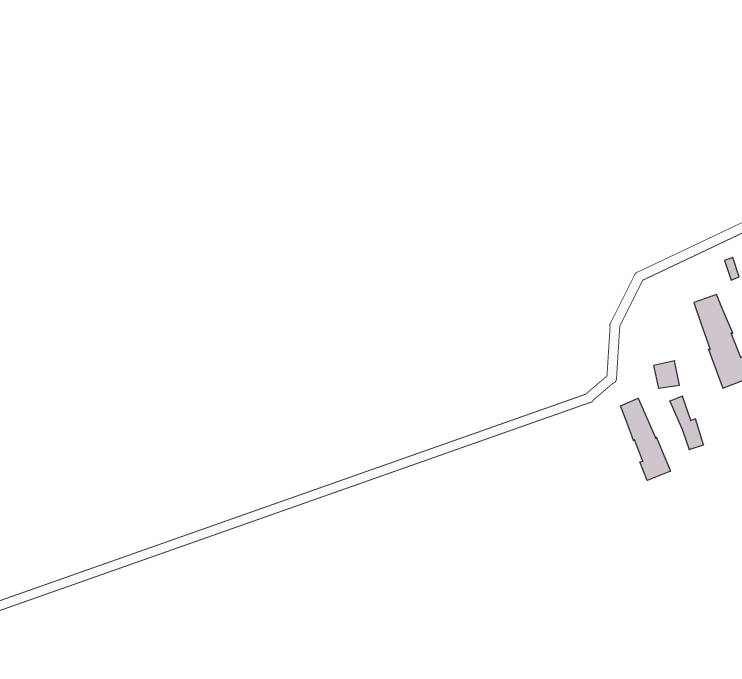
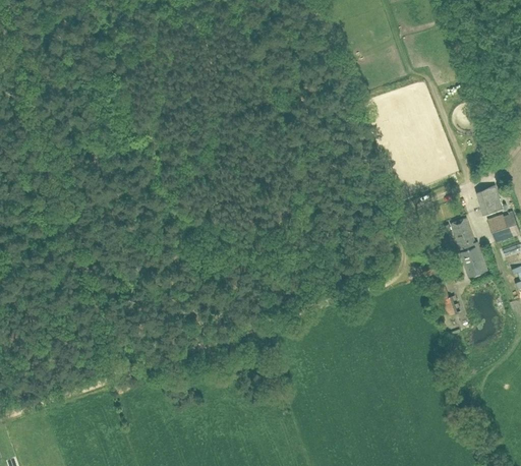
building: [621,398,670,480] -> none

